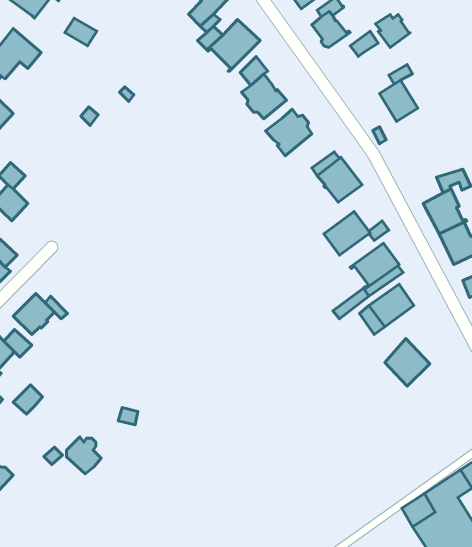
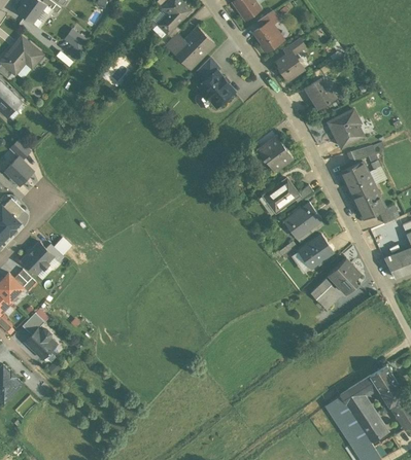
building: [376,14,410,48] -> [276,54,303,79]
building: [265,109,312,156] -> none
building: none -> [327,109,359,147]
building: none -> [327,257,362,295]
building: [67,437,101,474] -> [28,328,55,357]

